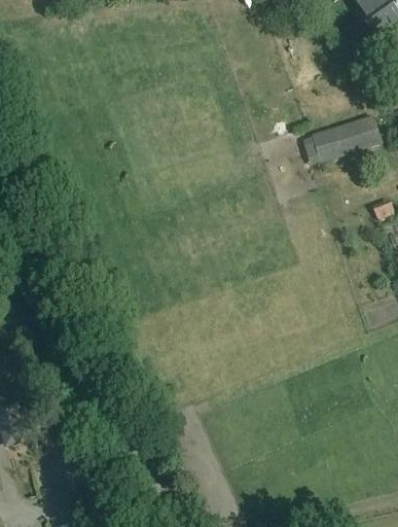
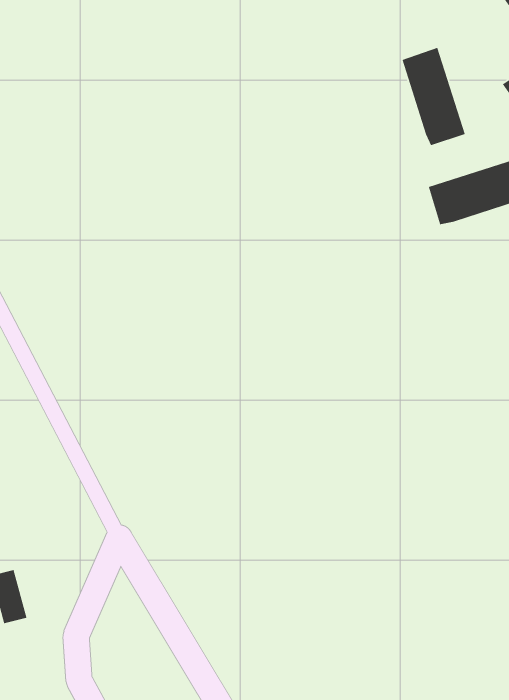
building: none -> [402,47,466,146]

